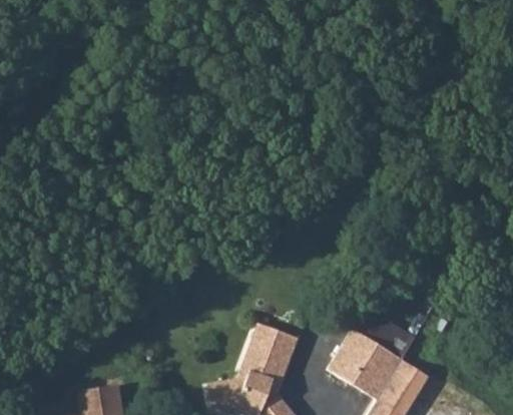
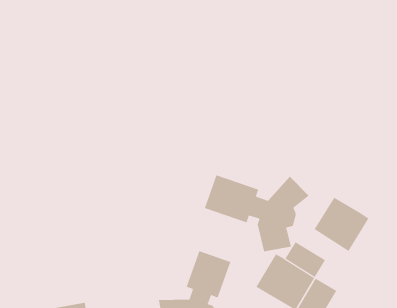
building: none -> [204,174,309,252]
building: none -> [314,197,369,252]

